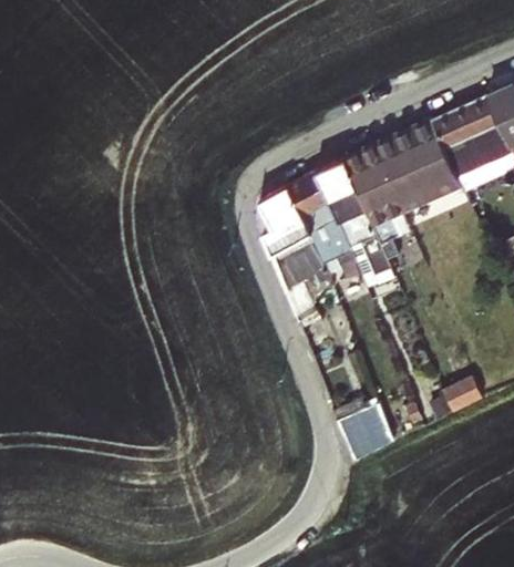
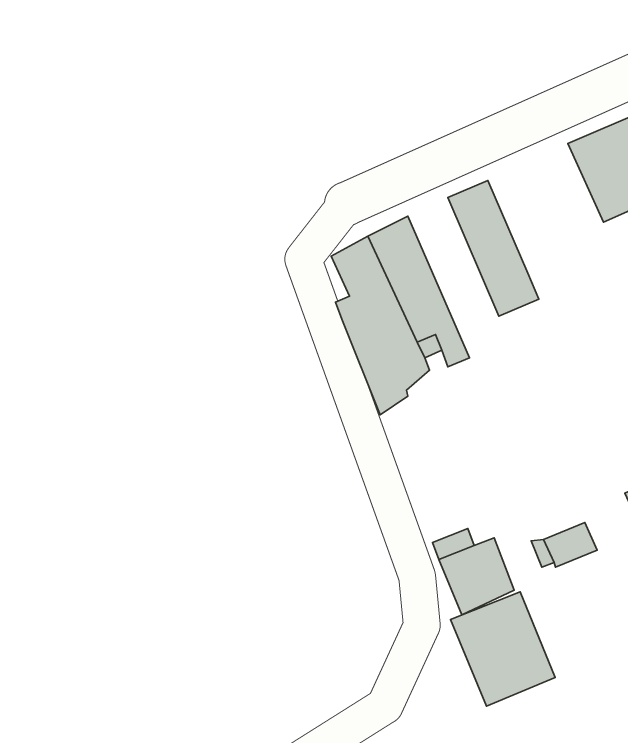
building: [376,120,463,213] -> none
building: [318,158,395,286] -> none
building: none -> [450,592,555,706]

